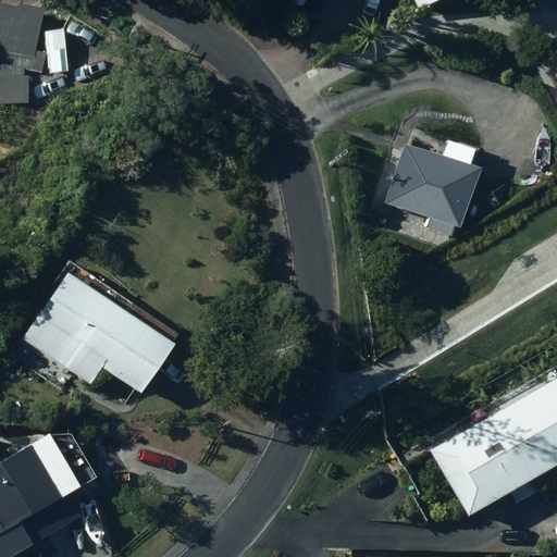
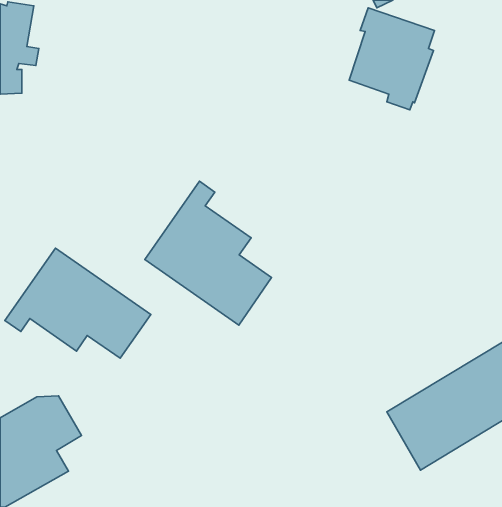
building: [386,123,480,235] -> [349,8,435,110]
building: none -> [145,181,272,325]

